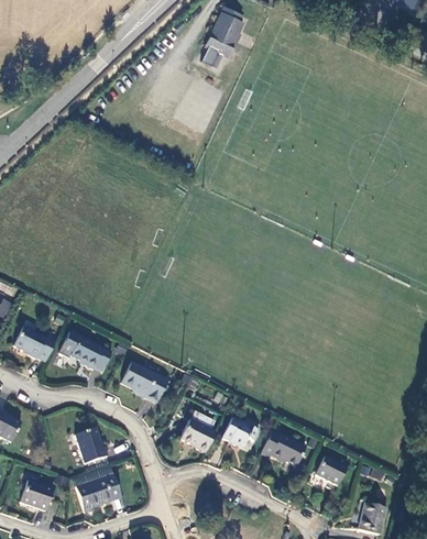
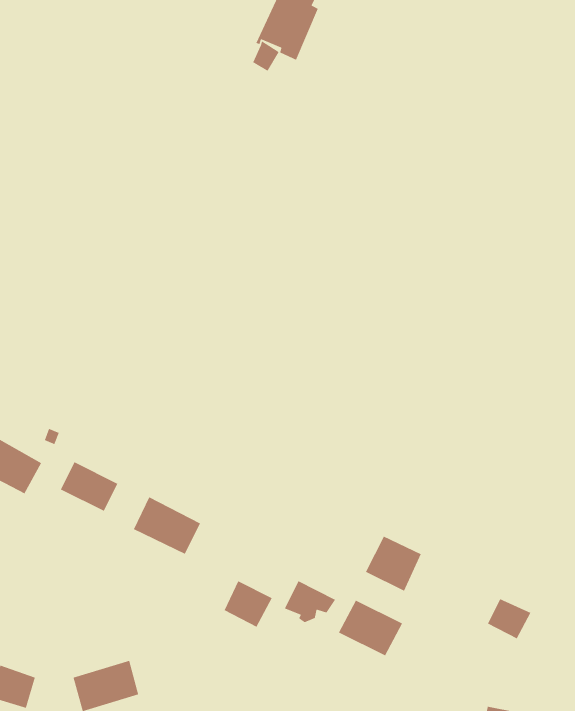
building: none -> [365,535,422,592]
building: [73,422,106,459] -> none
building: [316,454,347,483] -> [487,598,531,640]

